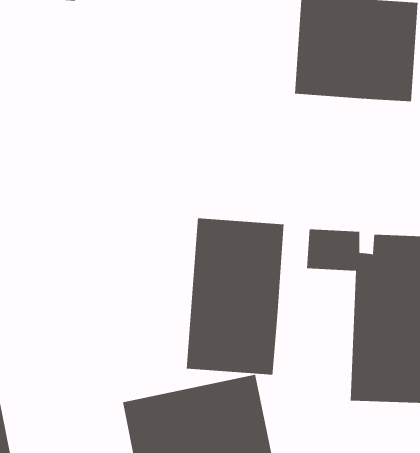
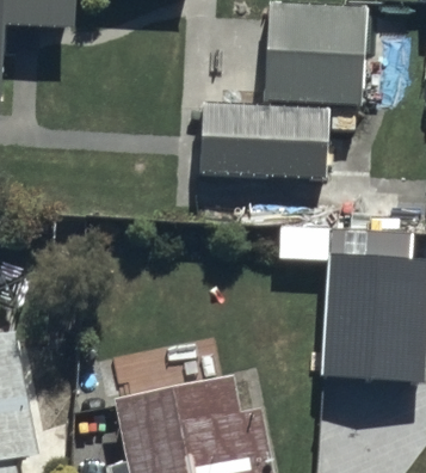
building: none -> [199,103,333,189]
building: [186,217,284,376] -> none

